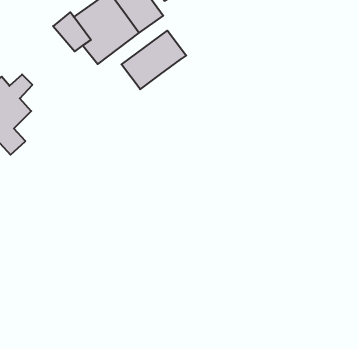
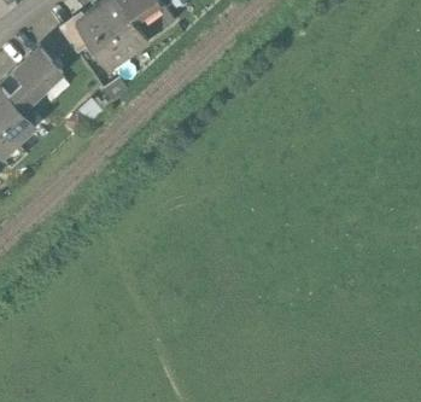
building: [121,31,186,89] -> none
building: none -> [14,45,62,92]

